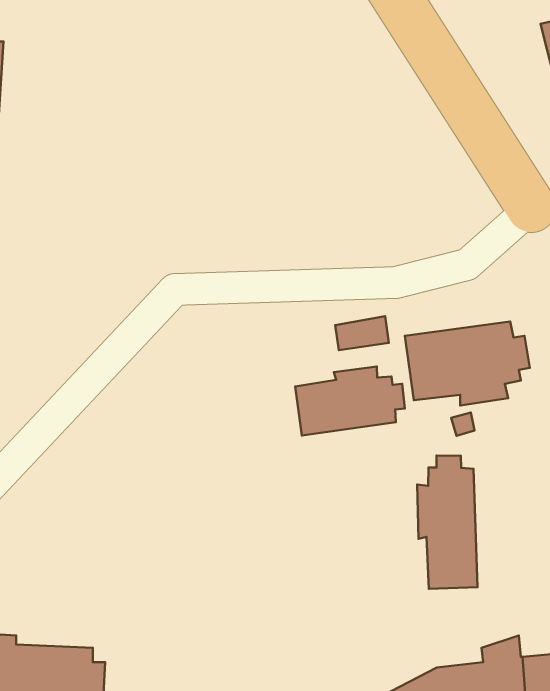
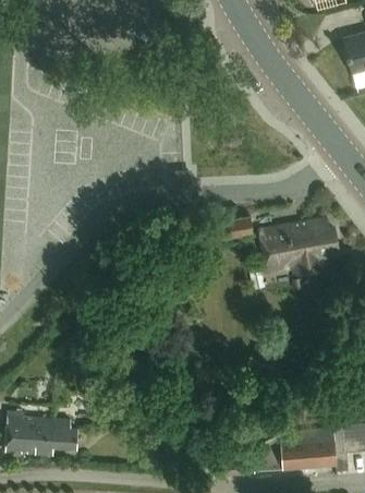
building: [295,366,405,435] -> none
building: [417,456,478,589] -> none

